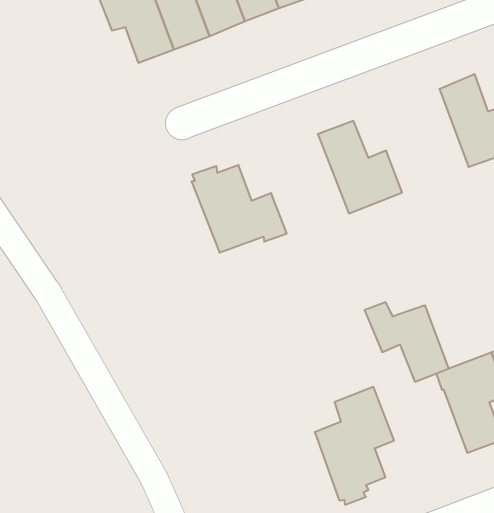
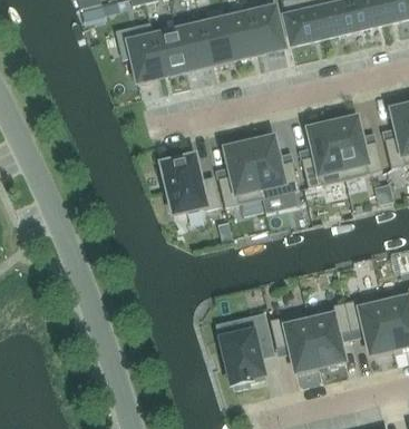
building: none -> [301,125,344,187]
building: none -> [217,144,262,207]
building: [365,302,449,382] -> [269,316,319,371]

